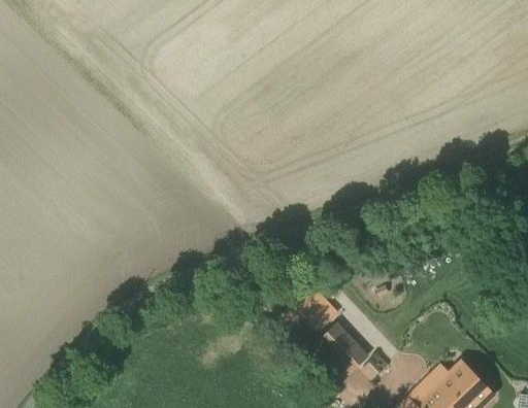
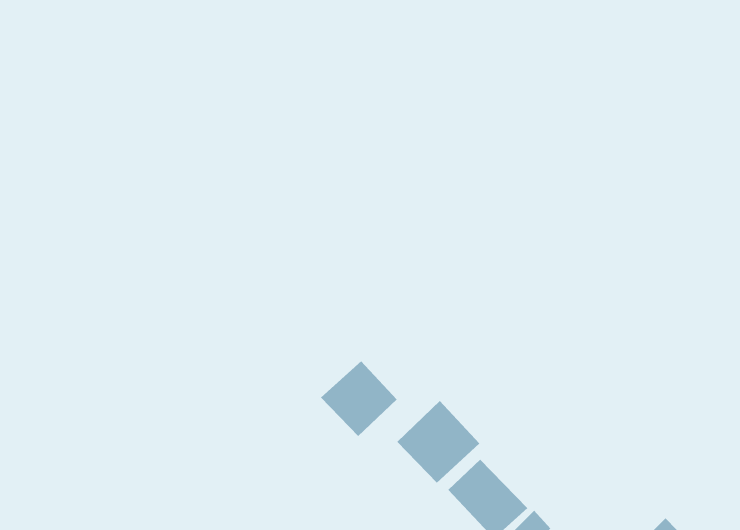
building: none -> [320,360,397,437]

